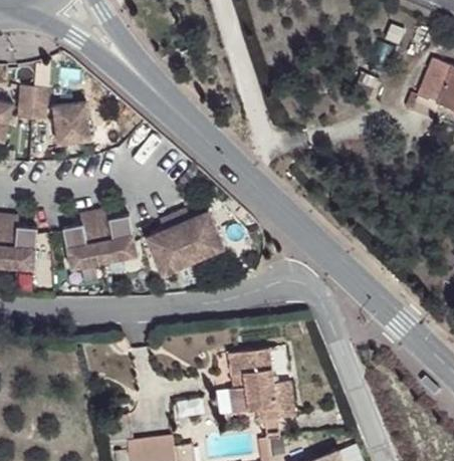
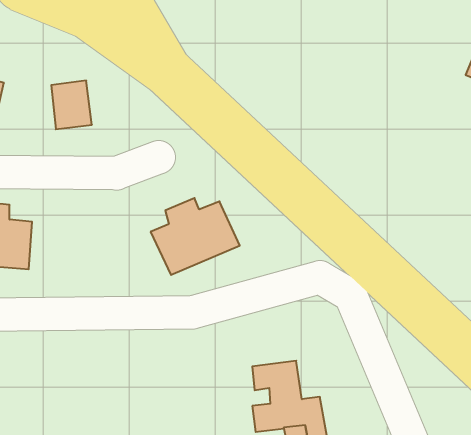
building: [15,86,45,122] -> none
building: [60,205,135,269] -> none

